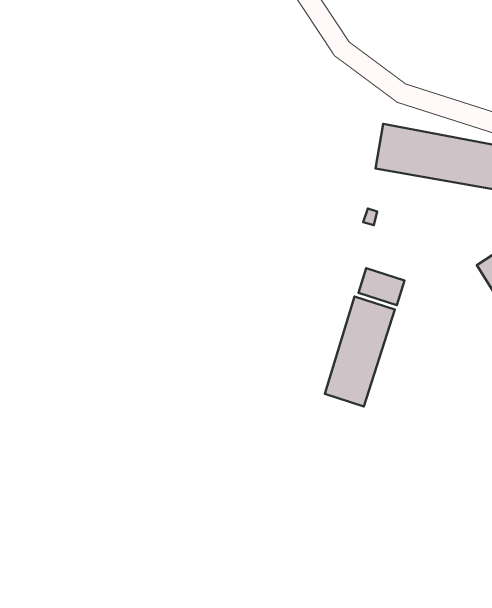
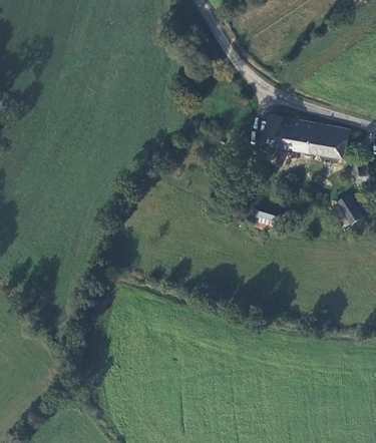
building: [325,296,395,406] -> none

